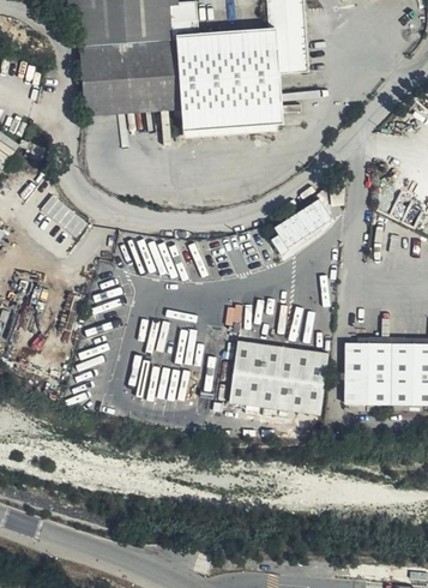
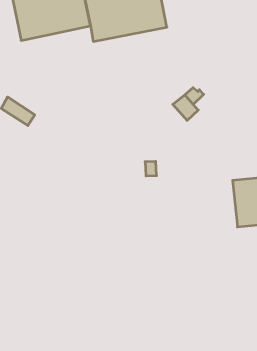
building: [228,340,328,415] -> none

